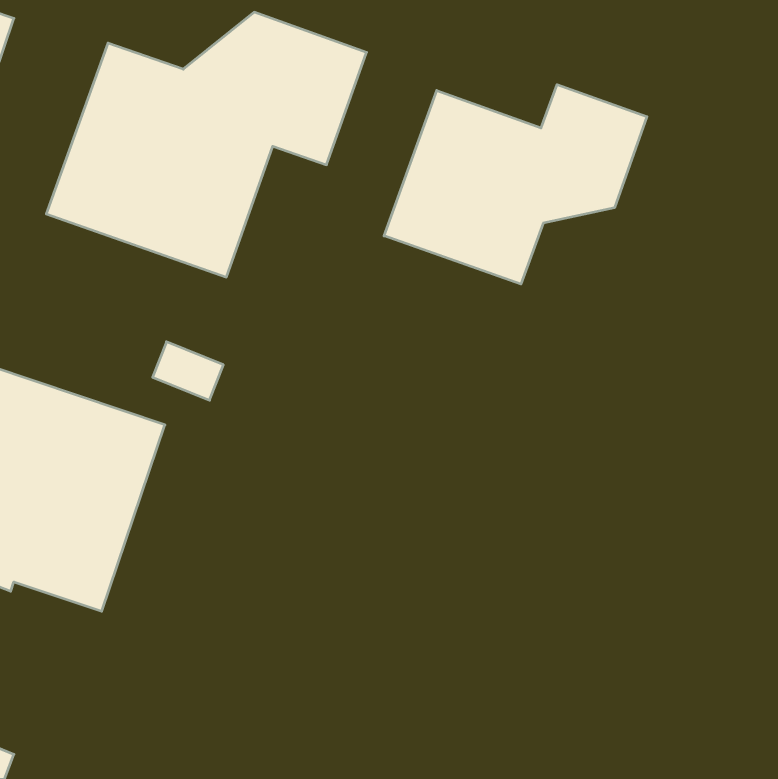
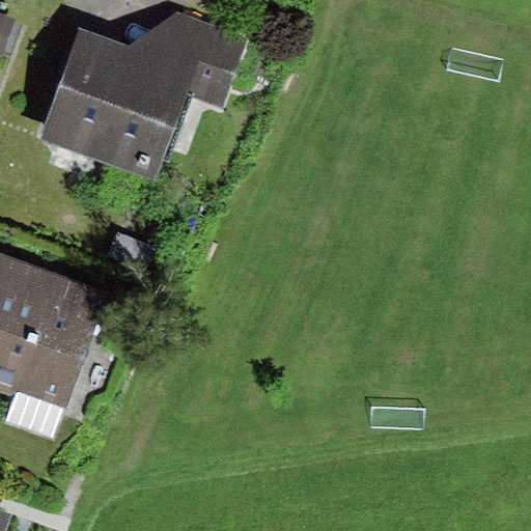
building: [384,85,647,284] -> none

